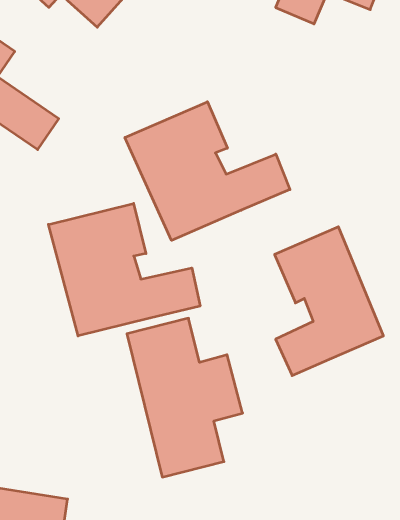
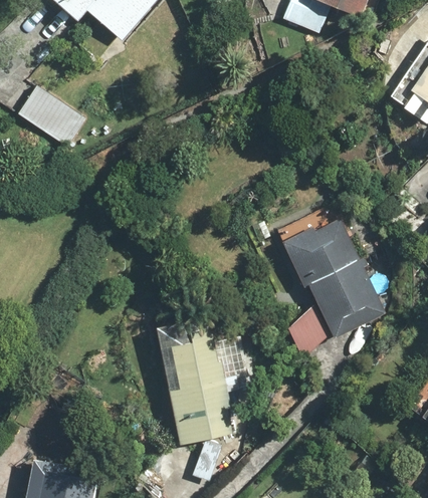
building: [125,102,290,240] -> none
building: [48,203,200,336] -> none

